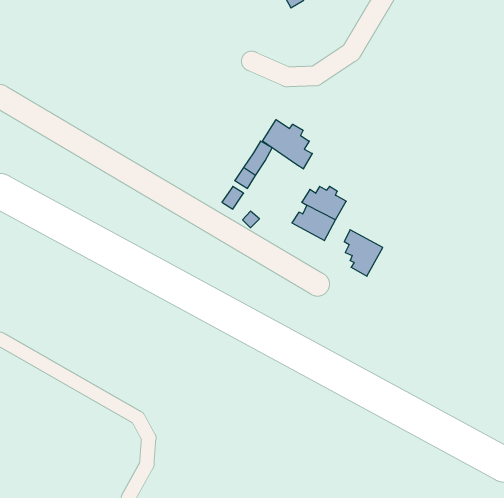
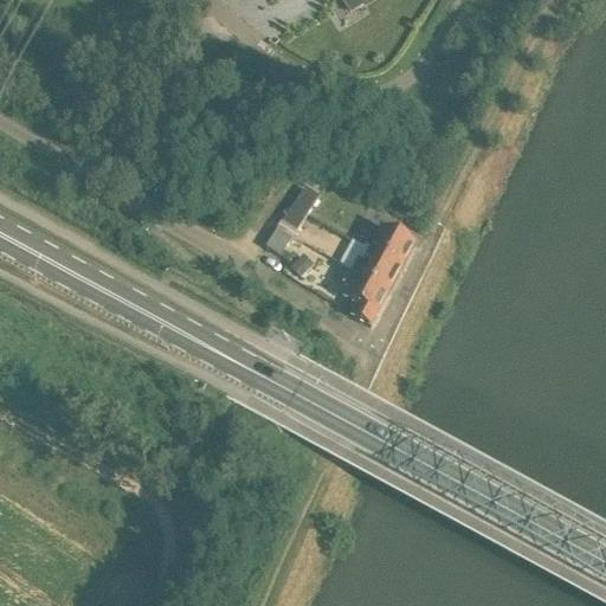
building: [263,120,312,169] -> none
building: [344,230,383,276] -> [343,267,389,323]

